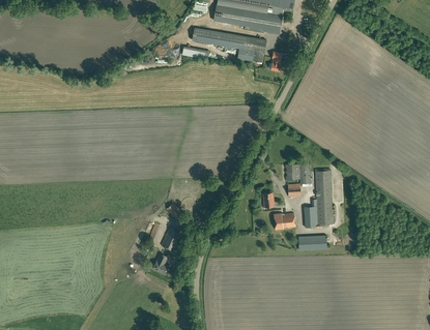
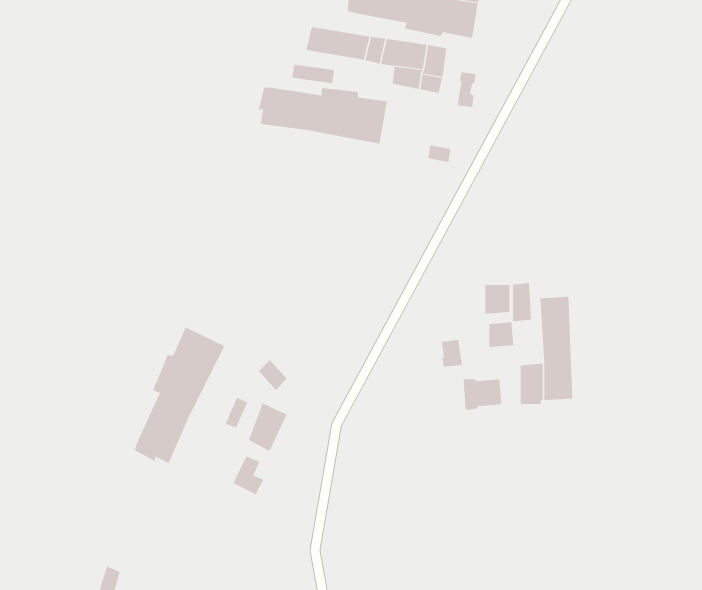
building: none -> [258,87,387,144]
building: none -> [134,327,225,464]
building: [298,235,327,250] -> none

